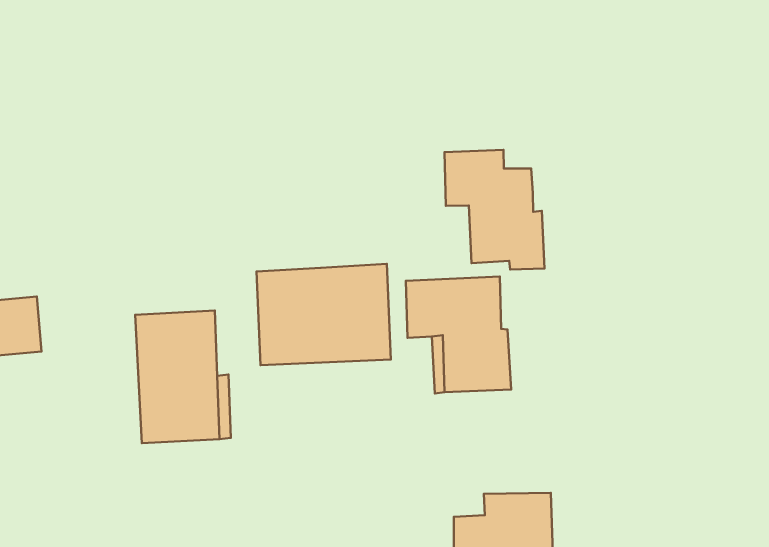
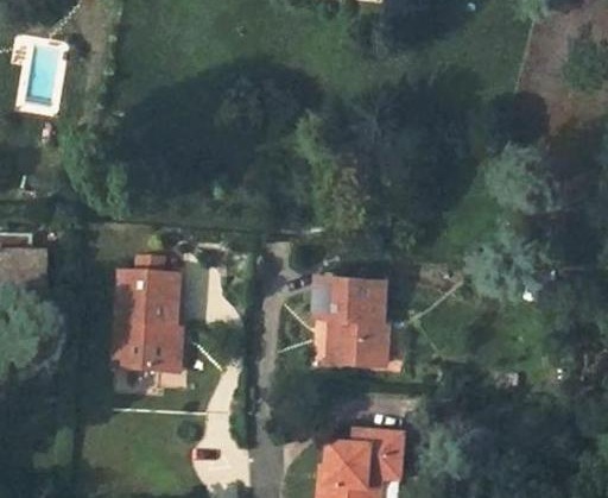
building: [444,150,545,270] -> none
building: [256,264,391,365] -> none

